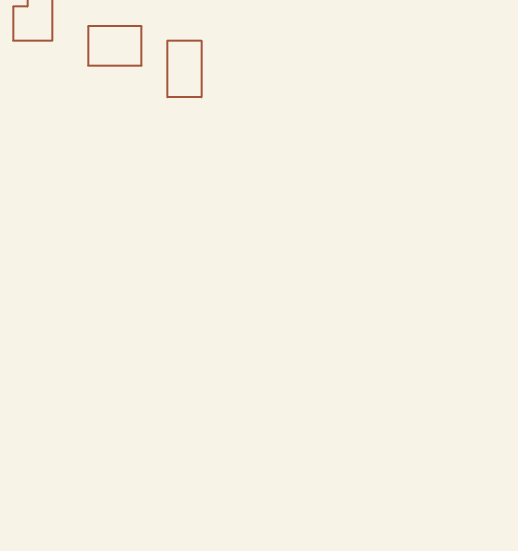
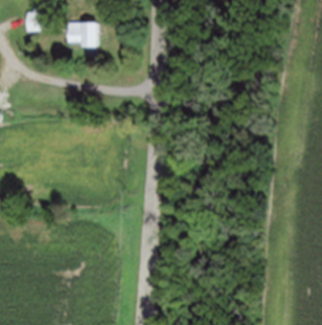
building: [167,41,201,97] -> none

